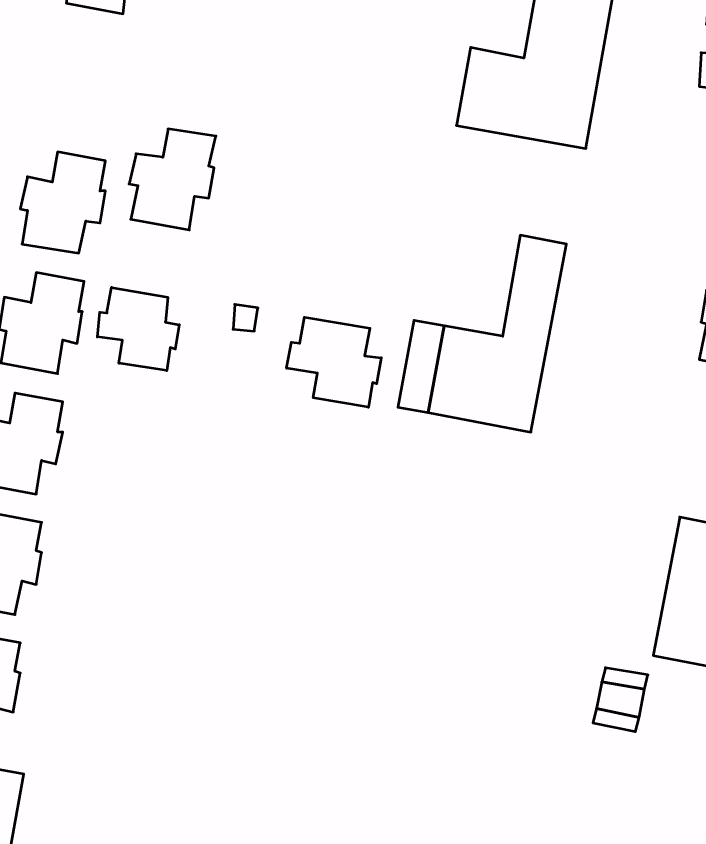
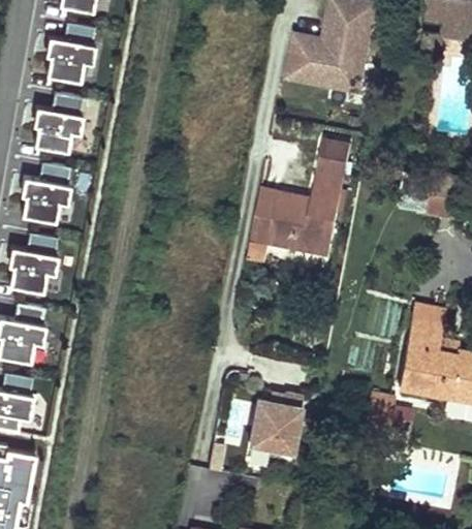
building: [129,129,216,230] -> [44,25,95,84]
building: [97,287,179,371] -> none
building: [287,317,381,407] -> none
building: none -> [245,394,300,452]

